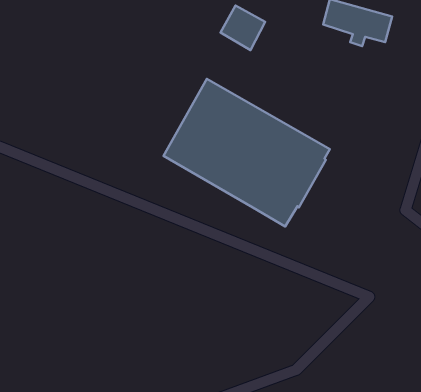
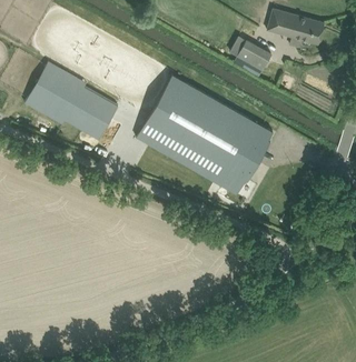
building: [221,5,265,50] -> [234,39,270,76]
building: none -> [24,60,117,138]

